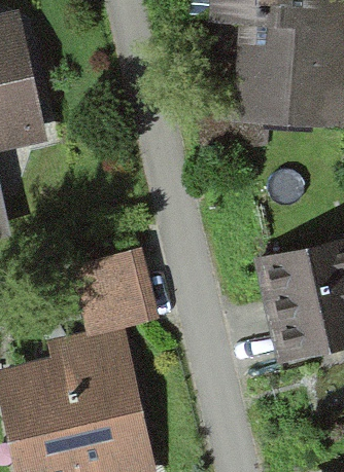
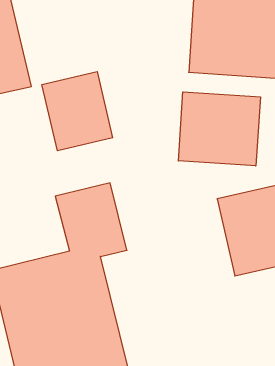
building: none -> [42,72,113,151]
building: none -> [178,92,260,166]

